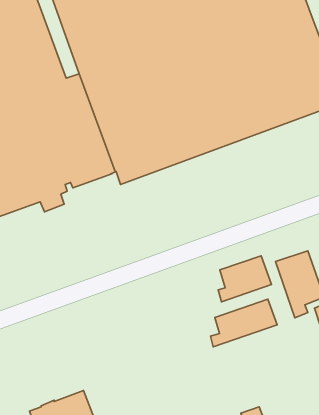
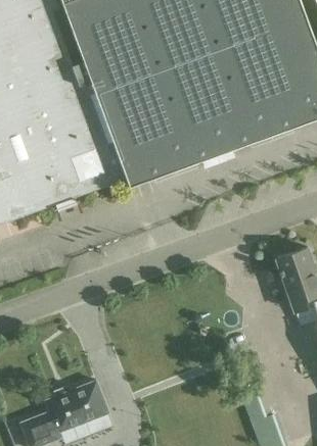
building: [218,256,271,302] -> none
building: [210,299,277,347] -> none

